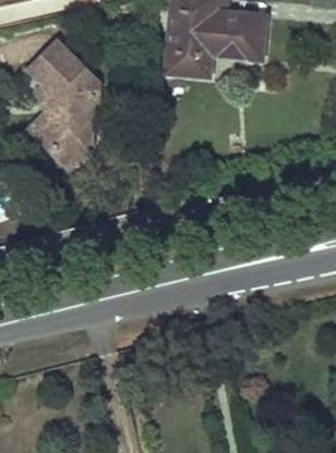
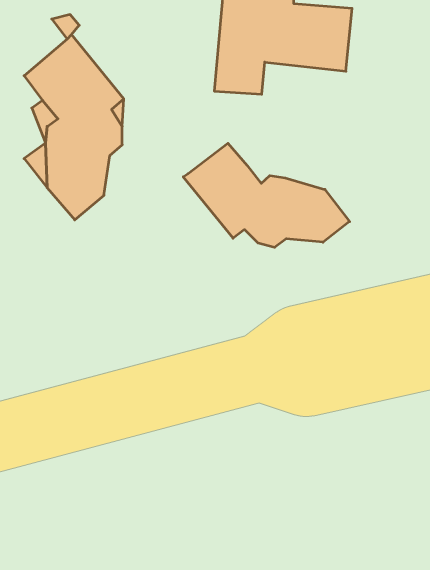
building: none -> [183,143,350,247]

